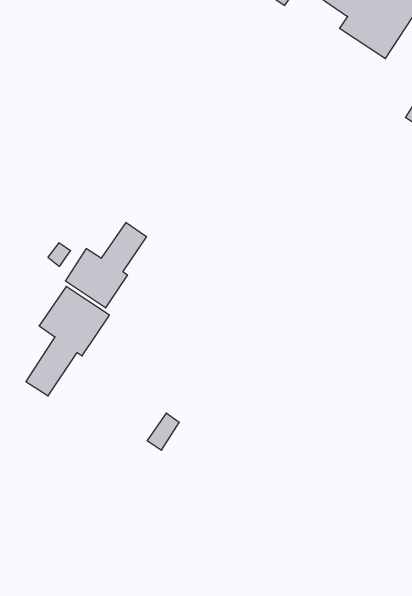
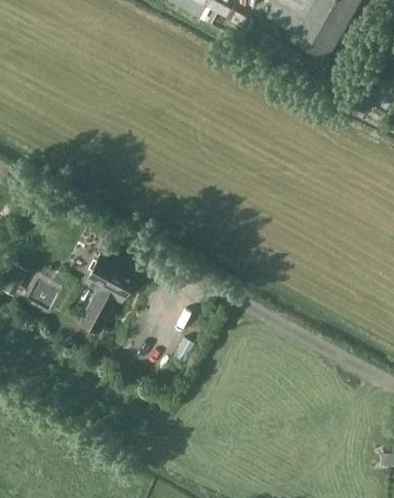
building: [65,222,146,308] -> none

